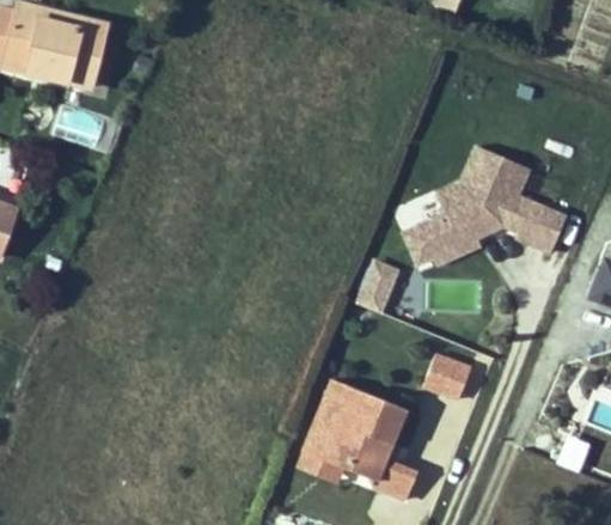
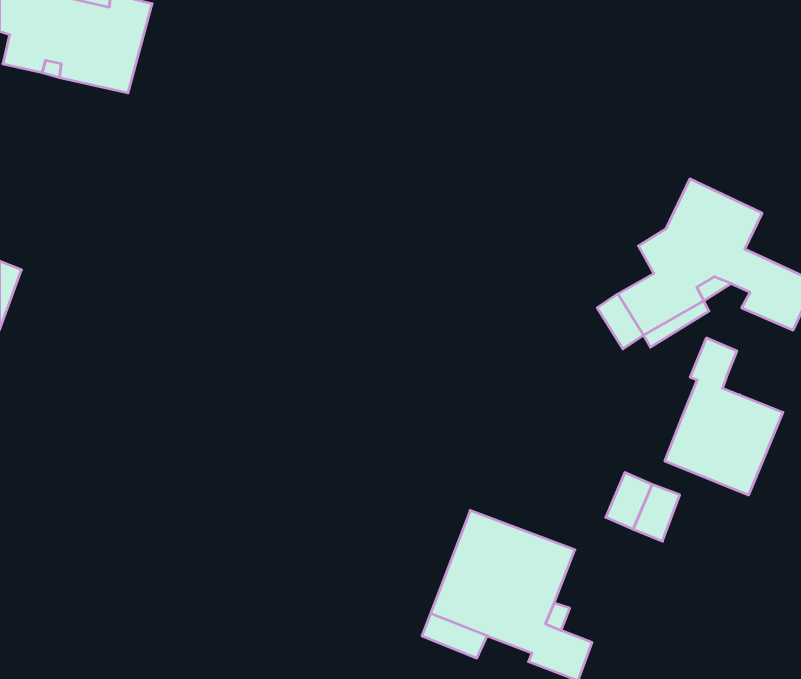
building: none -> [665,338,783,495]
building: [353,261,402,317] -> none

